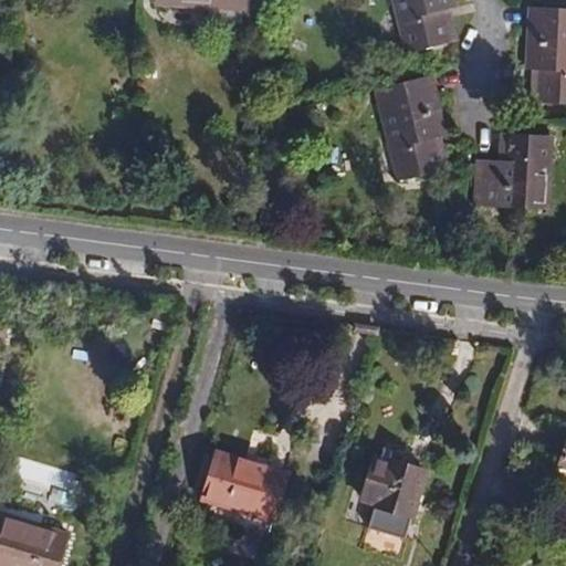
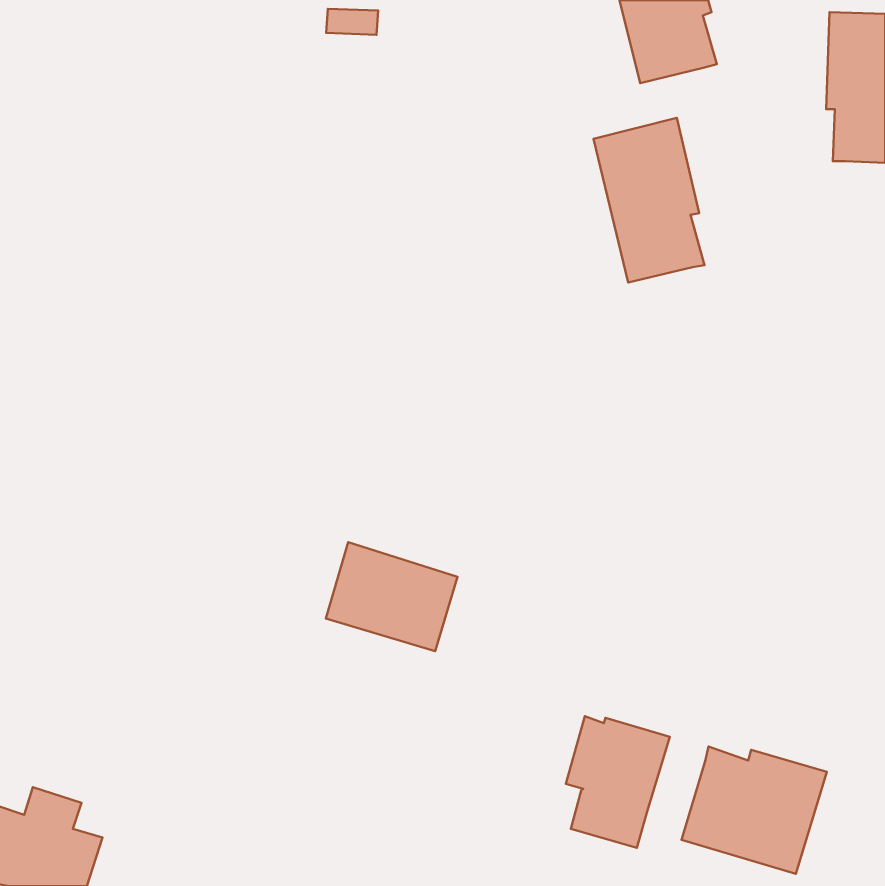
building: [474,133,547,209] -> none
building: [202,451,286,521] -> [326,542,458,651]
building: none -> [682,746,827,874]

